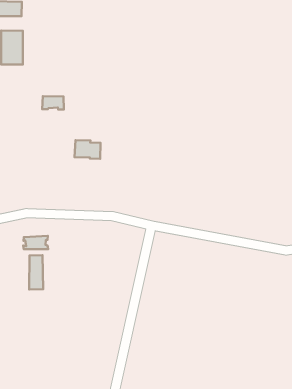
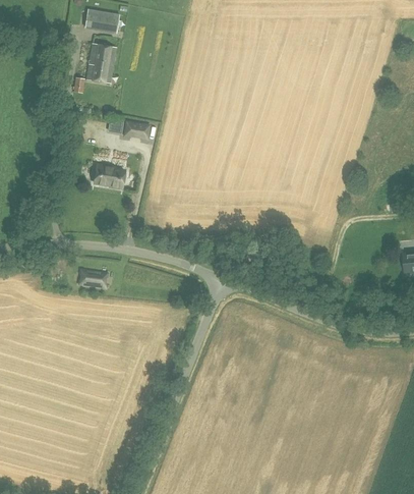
building: [75,140,100,159] -> [93,163,123,187]
building: [29,255,43,290] -> none

